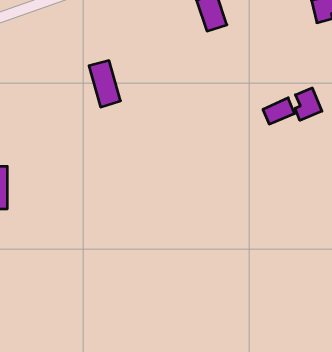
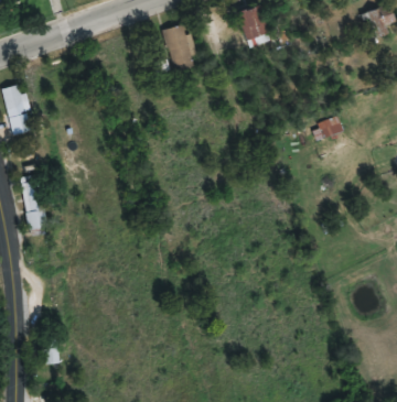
building: [89,61,121,107] -> [162,24,195,73]
building: [295,88,322,120] -> none

